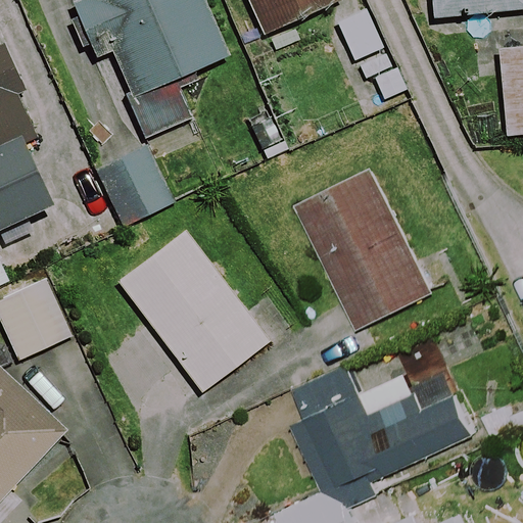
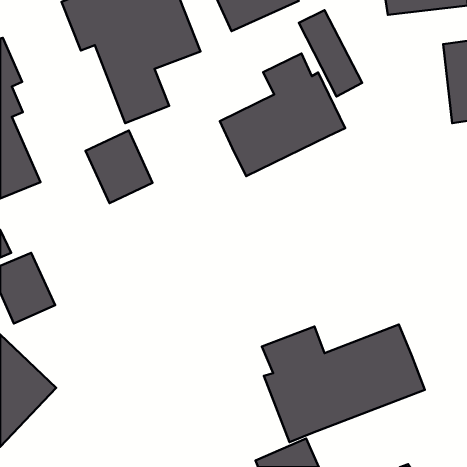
building: none -> [220,53,345,176]
building: [299,172,434,331] -> none
building: [118,233,268,393] -> none

